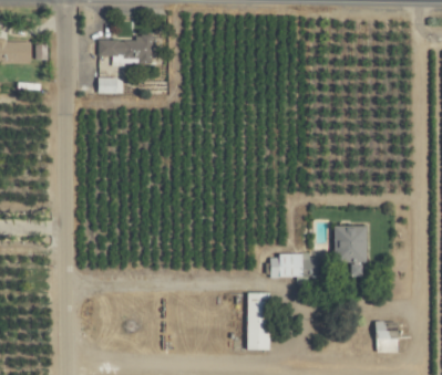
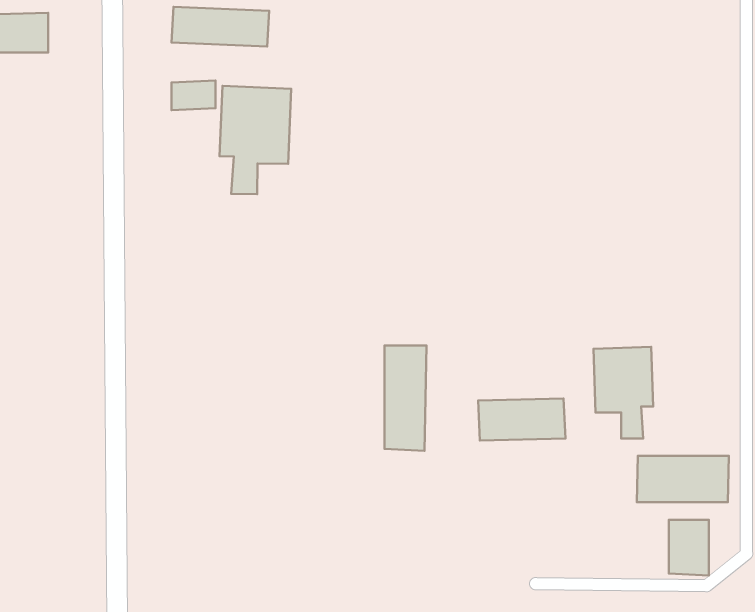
building: none -> [220,86,291,194]
building: none -> [637,456,729,502]
building: [247,292,270,351] -> [385,345,426,451]

